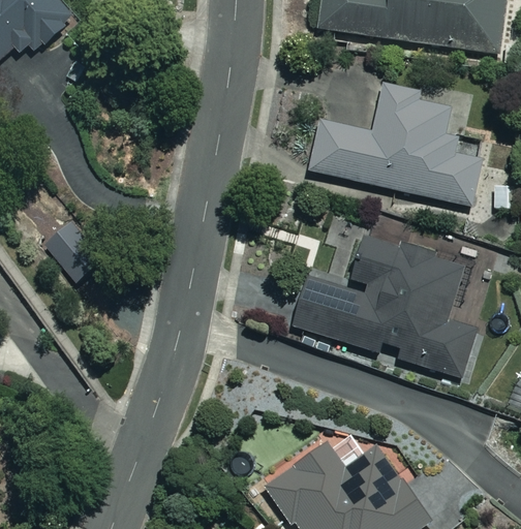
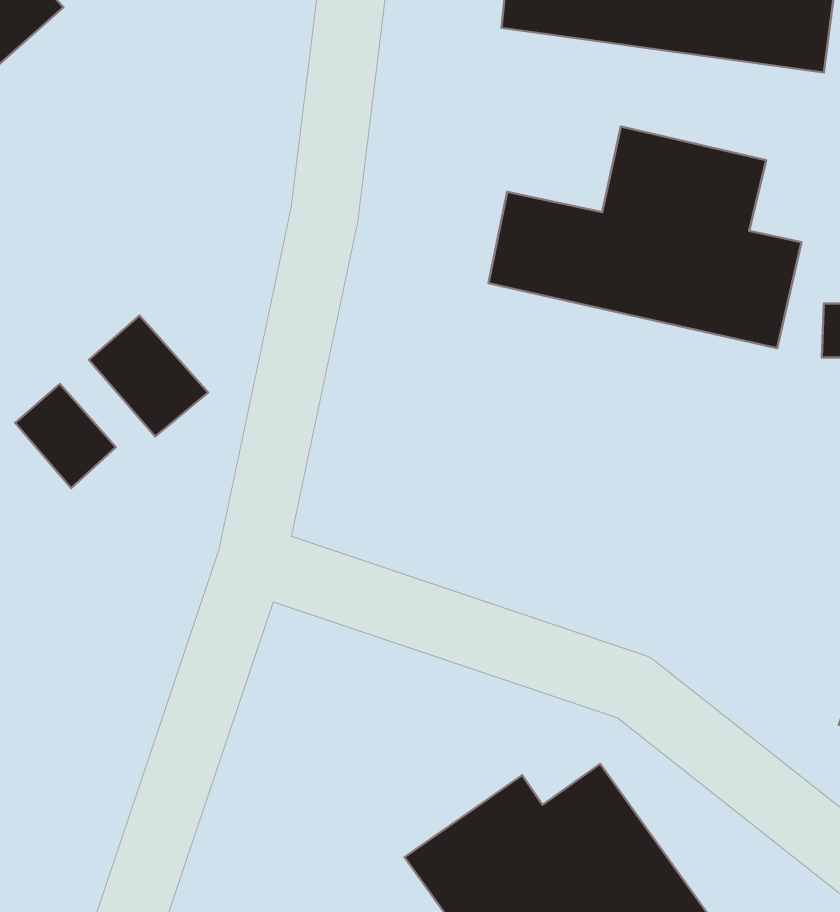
building: none -> [89,316,208,437]
building: [292,236,474,376] -> none

